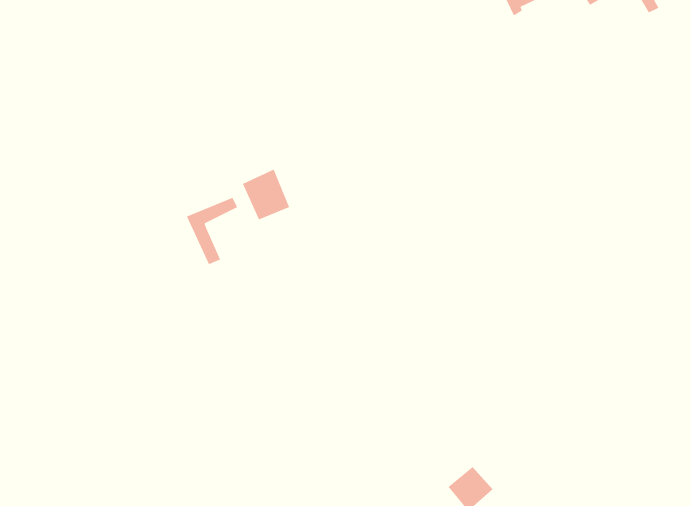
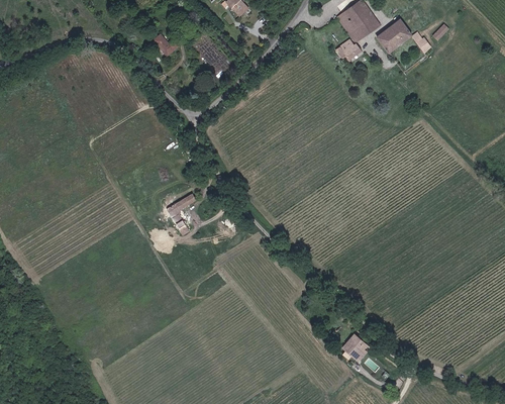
building: [242,169,290,220] -> none

